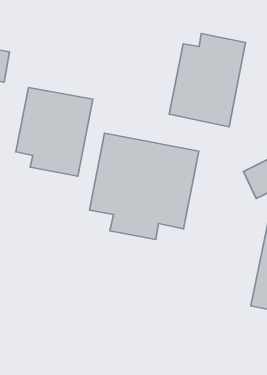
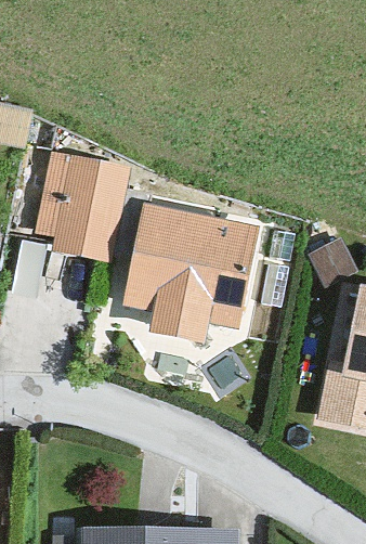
building: [169,34,245,127] -> none

